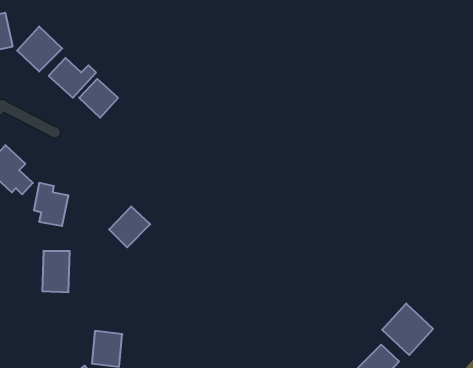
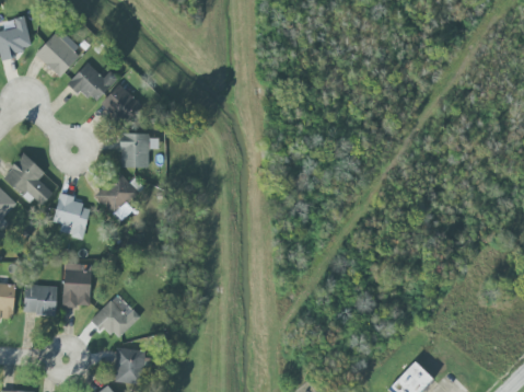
building: none -> [119,132,150,168]
building: [109,206,150,247] -> [95,172,138,215]
building: none -> [23,285,57,314]
building: none -> [90,300,140,338]
building: [382,303,433,355] -> none

